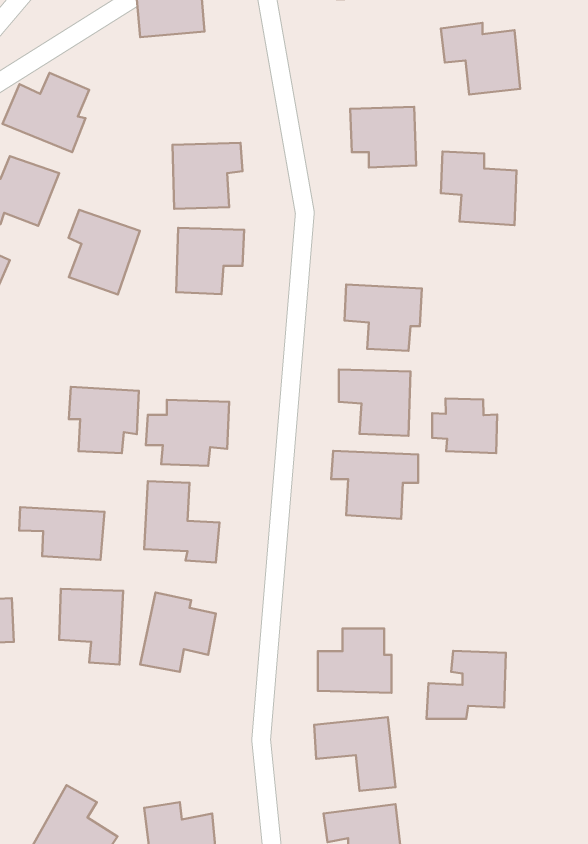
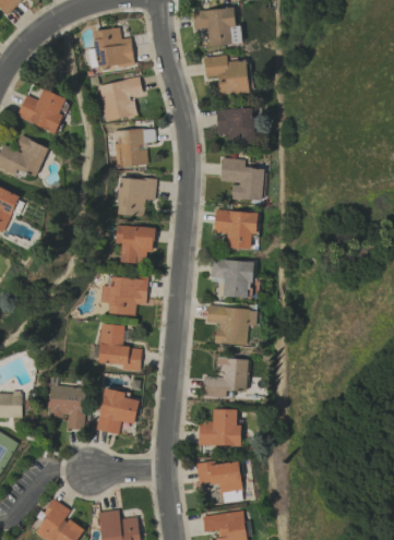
building: [441,23,520,95] -> [204,55,250,96]
building: none -> [98,77,142,121]
building: [441,151,516,225] -> [220,158,264,201]
building: [68,210,140,294] -> none
building: [69,387,139,453] -> [115,226,155,264]
building: [432,398,497,453] -> none
building: [19,507,105,560] -> none
building: [427,651,506,719] -> [202,358,248,397]

